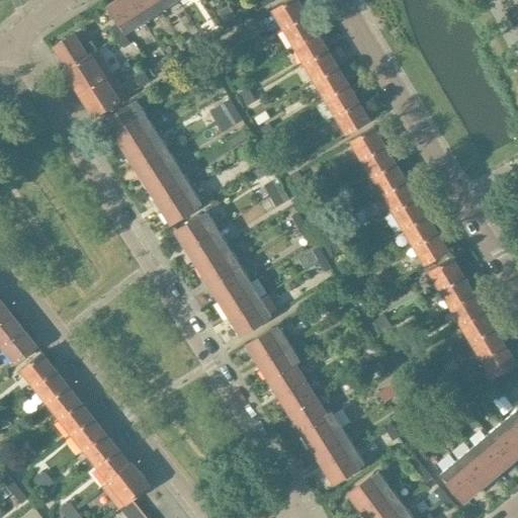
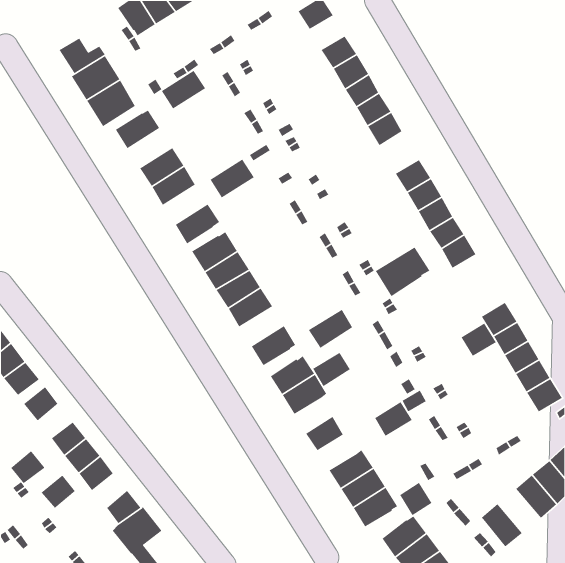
building: [283,16,316,48] -> none
building: [116,119,158,156] -> [161,70,206,110]
building: [351,130,383,161] -> none
building: [149,171,190,207] -> [209,159,255,198]
building: none -> [375,246,430,297]
building: [414,235,447,266] -> none
building: [429,260,462,291] -> [460,323,497,357]
building: [219,282,260,319] -> [308,309,353,349]
building: [269,366,305,399] -> [312,352,351,387]
building: [34,371,67,403] -> [10,450,46,484]
building: [290,400,326,432] -> [374,401,413,437]
building: [84,435,116,466] -> [40,475,76,509]
building: none -> [399,482,432,516]
building: [455,449,495,490] -> none

